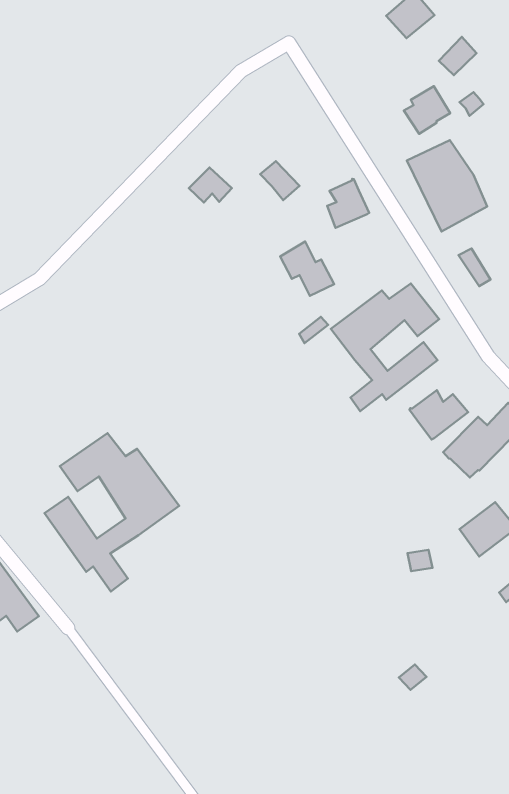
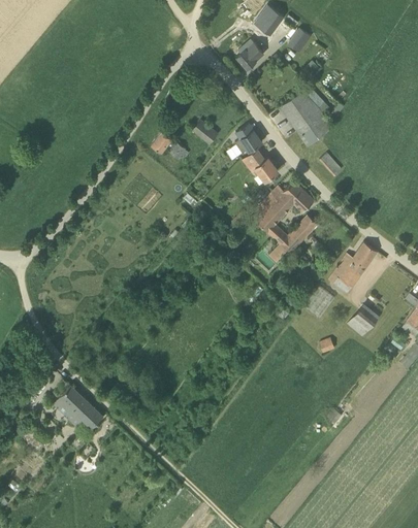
building: [404,86,450,134] -> [236,39,264,69]
building: [280,242,334,296] -> [244,148,279,180]
building: [410,390,468,439] -> none
building: [44,433,179,592] -> none

